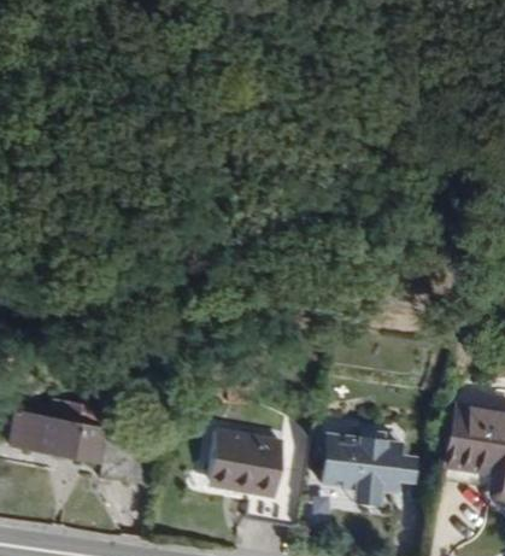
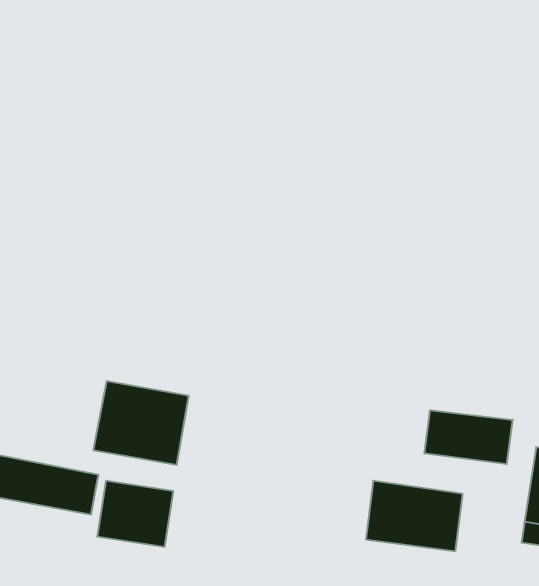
building: none -> [424,410,513,464]
building: [206,428,284,497] -> [93,381,189,465]

